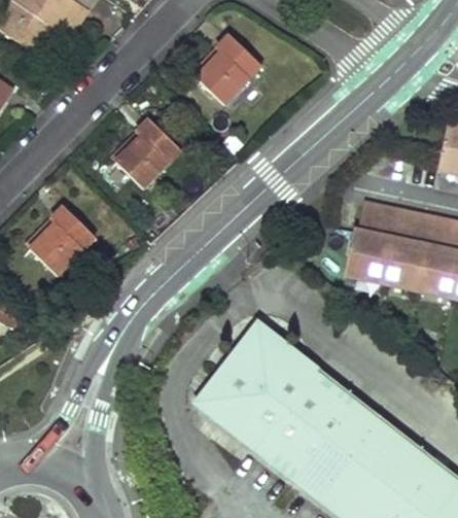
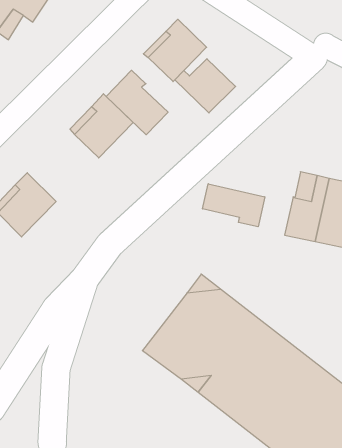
building: none -> [175,59,236,113]
building: none -> [106,70,168,135]
building: none -> [203,184,265,227]

